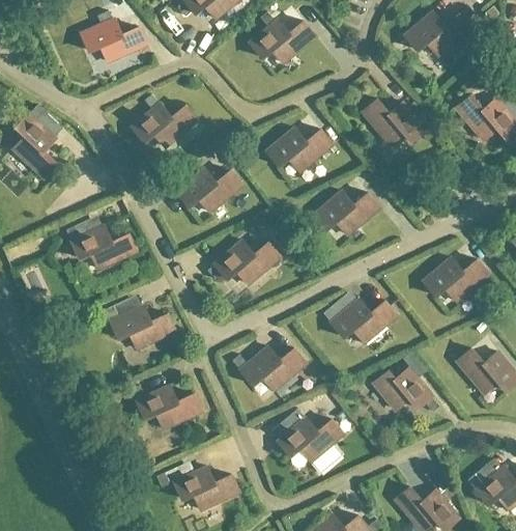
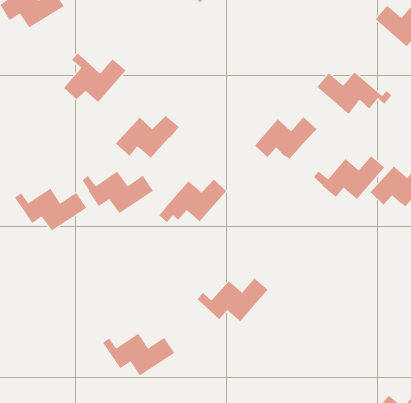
building: [362,99,436,144] -> [316,72,392,115]
building: [267,128,334,171] -> none
building: [323,299,397,342] -> [313,155,385,200]
building: [105,305,175,348] -> [82,171,154,214]
building: [373,367,439,411] -> none
building: [277,408,344,460] -> none

